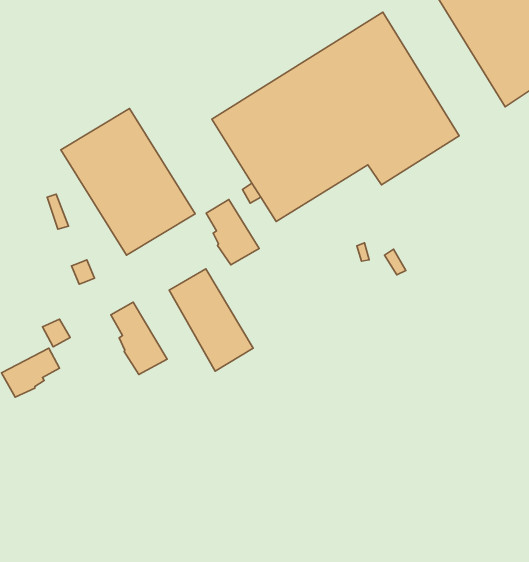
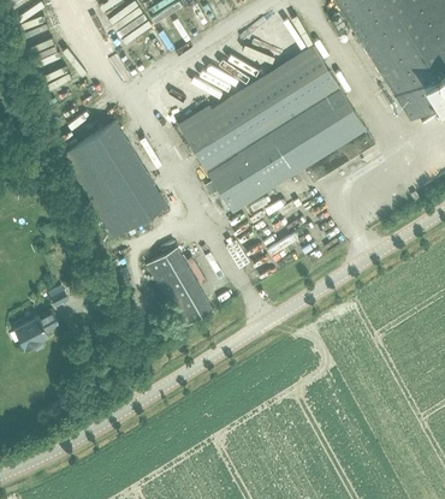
building: [206,199,259,265] -> none
building: [111,302,167,374] -> none

